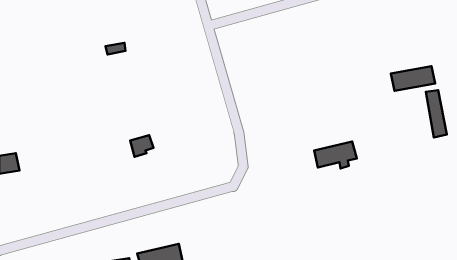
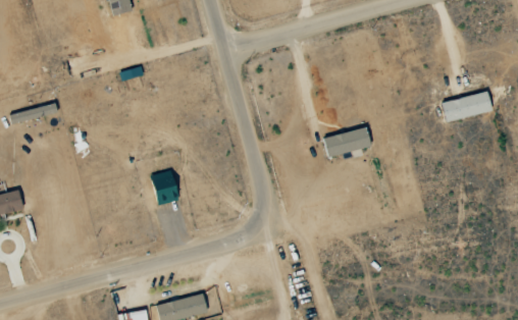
building: [426,90,447,137] -> none
building: [314,141,357,169] -> [323,127,371,158]

